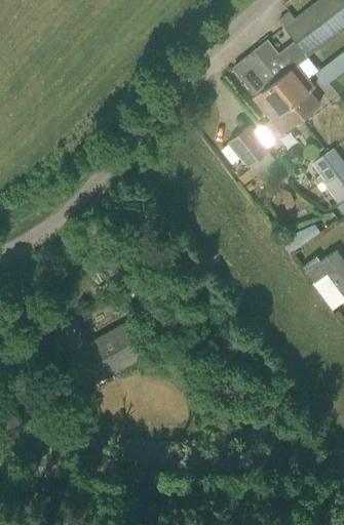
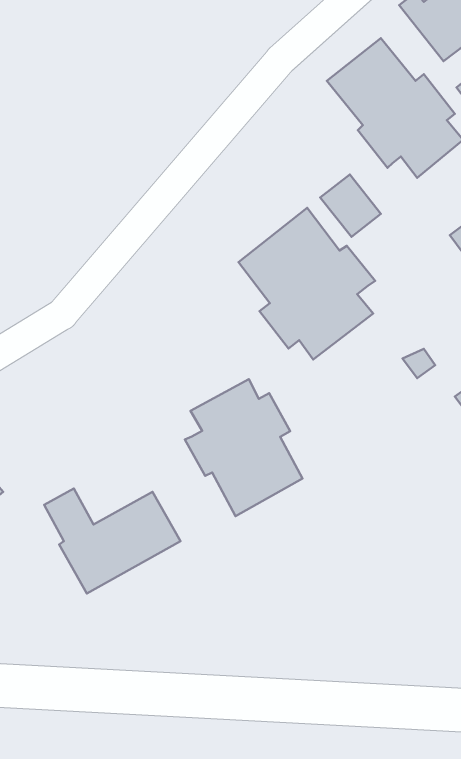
building: none -> [239,208,375,360]
building: none -> [185,379,303,516]

